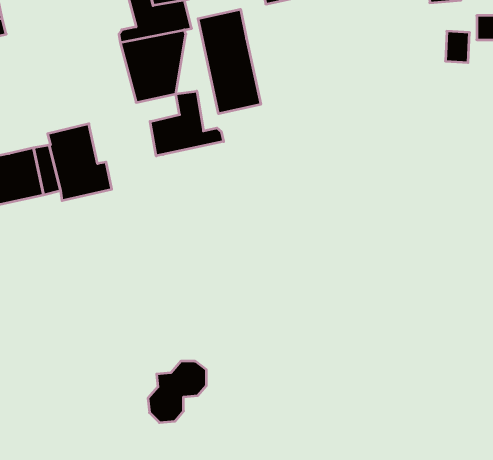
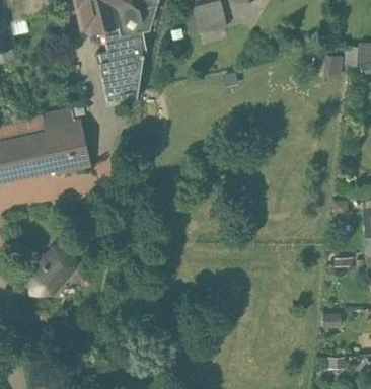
building: [198,9,261,114] -> none
building: [150,91,224,156] -> none
building: [148,361,206,423] -> [30,249,72,293]

